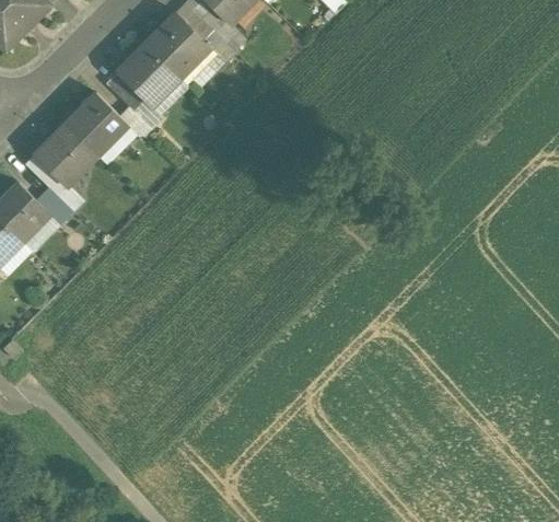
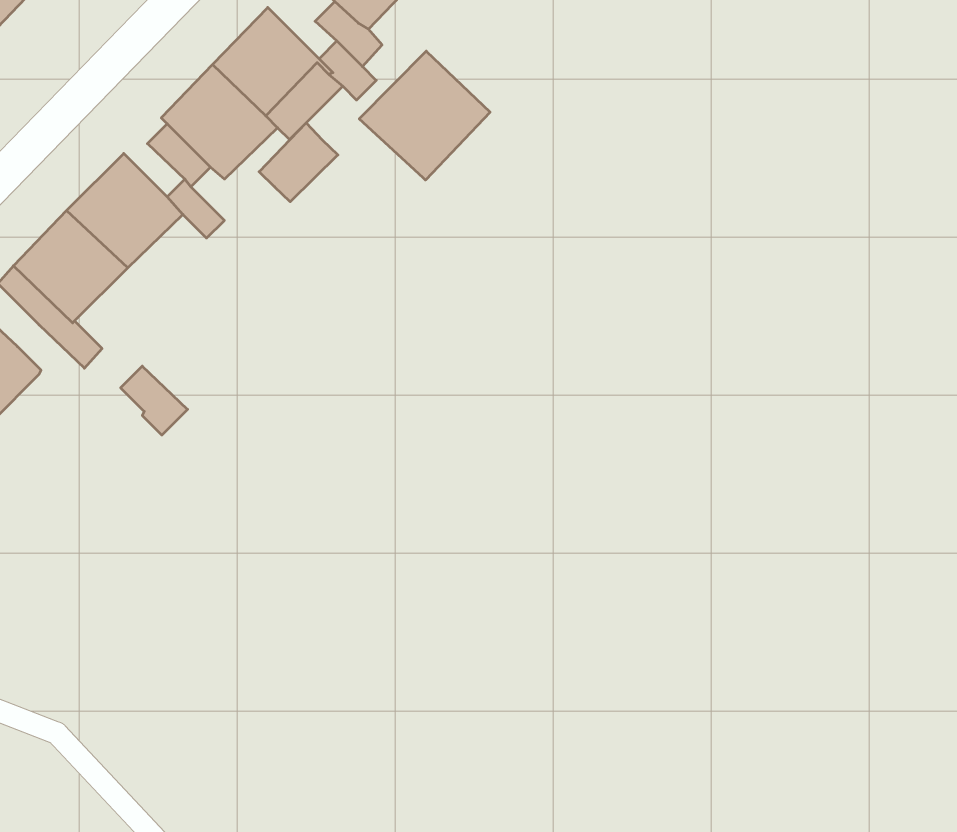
building: none -> [359,51,490,180]
building: none -> [259,123,338,202]
building: [36,187,73,225] -> [121,366,188,435]

